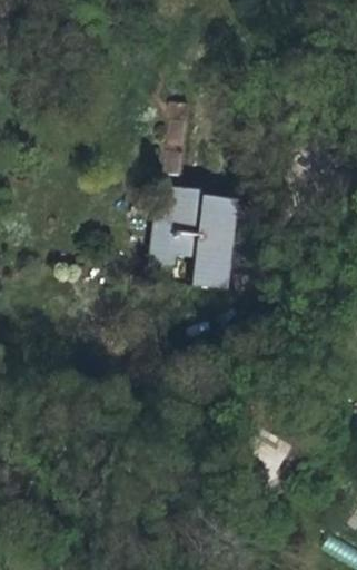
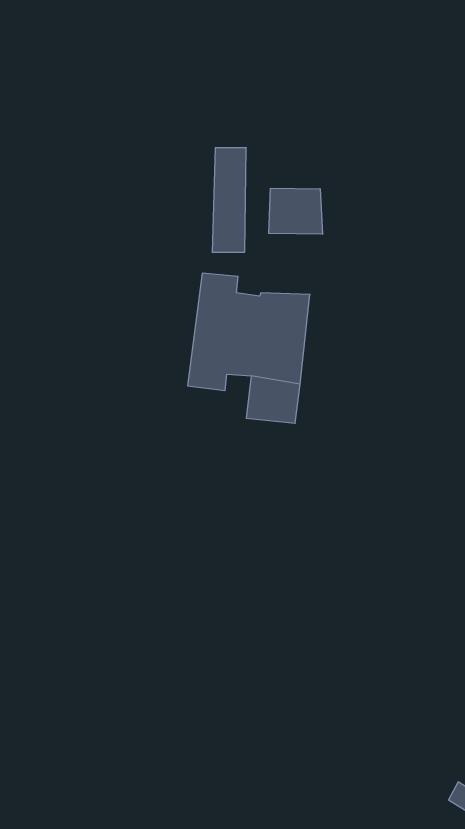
building: none -> [269,188,323,234]

